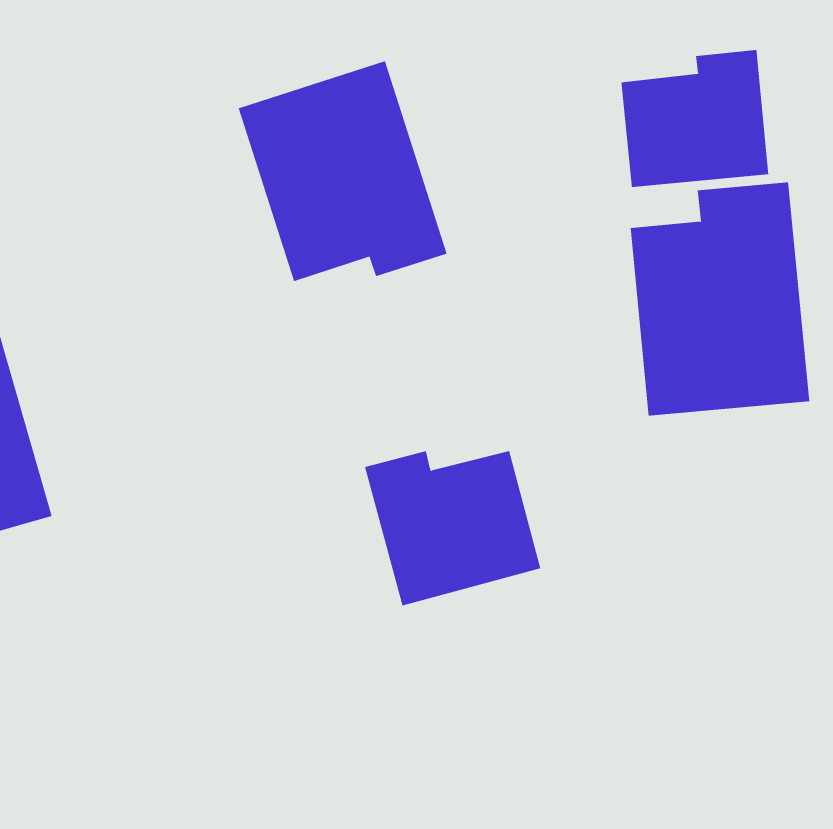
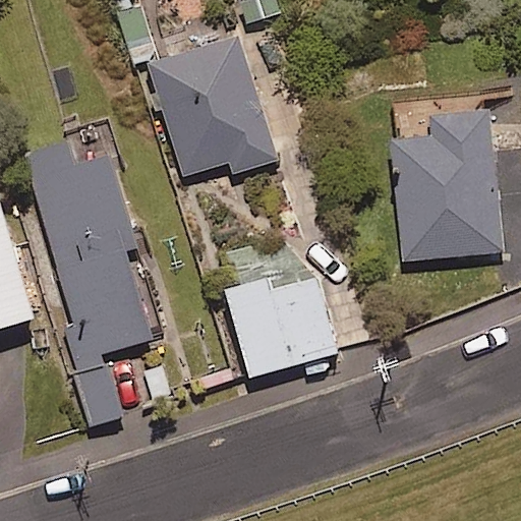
building: [621,49,769,188] -> none
building: none -> [23,131,151,424]

